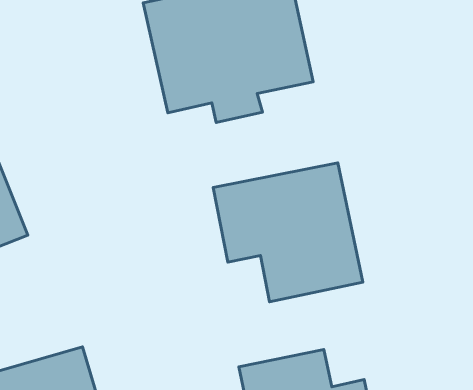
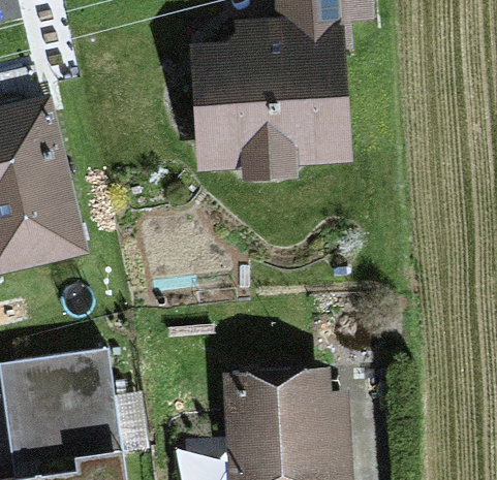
building: [213,163,363,302] -> none

